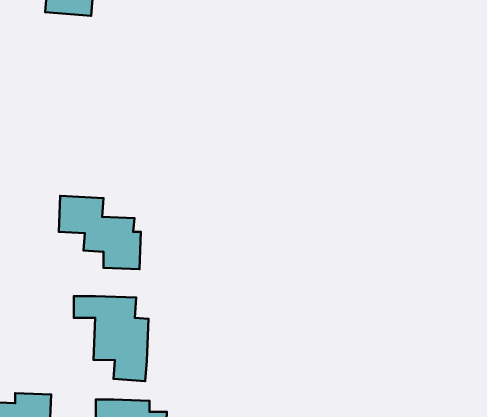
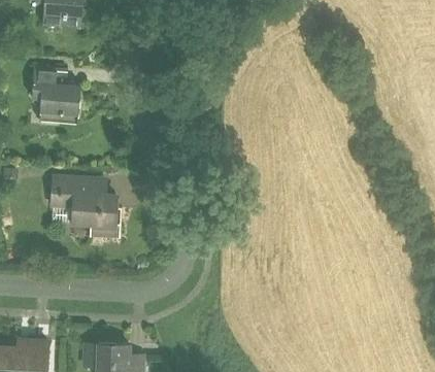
building: none -> [32,65,81,123]
building: [74,296,148,381] -> none

